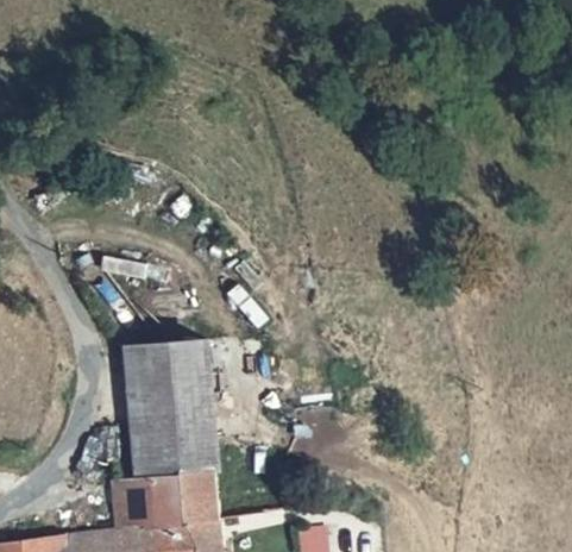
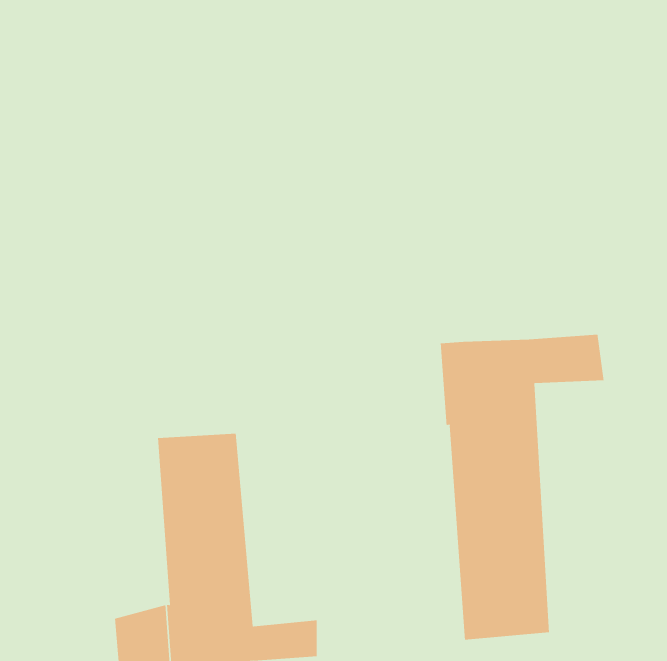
building: none -> [440,334,604,640]

